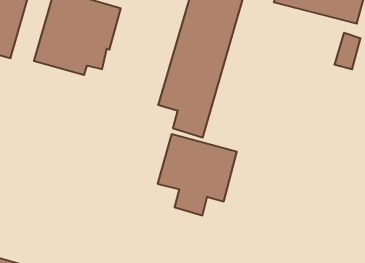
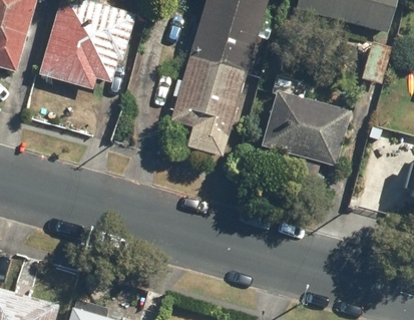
building: [158,134,237,215] -> [265,94,350,182]

